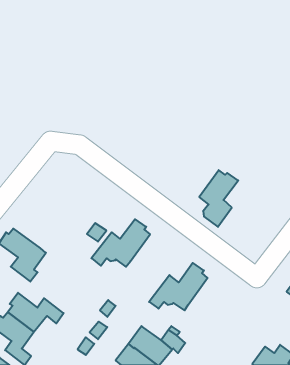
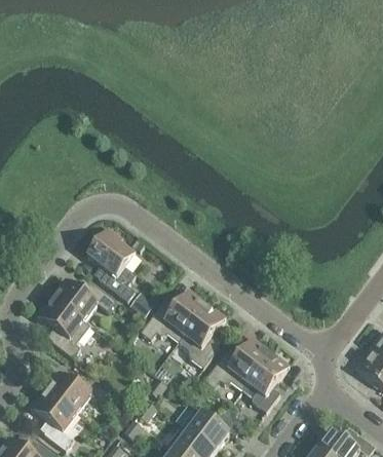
building: none -> [86,228,135,302]
building: [199,170,238,227] -> [183,306,226,369]
building: none -> [53,278,116,321]
building: none -> [246,354,290,413]

